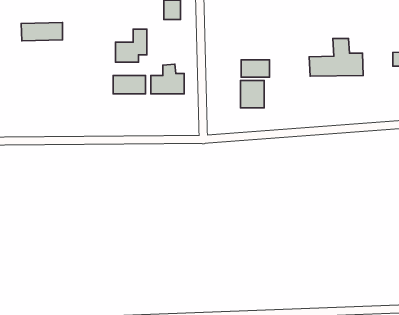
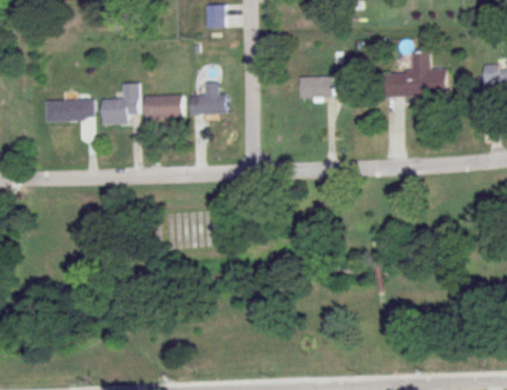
building: [21,23,62,41] -> [43,99,93,121]
building: [116,29,147,62] -> [100,83,138,123]
building: [241,80,264,108] -> none

